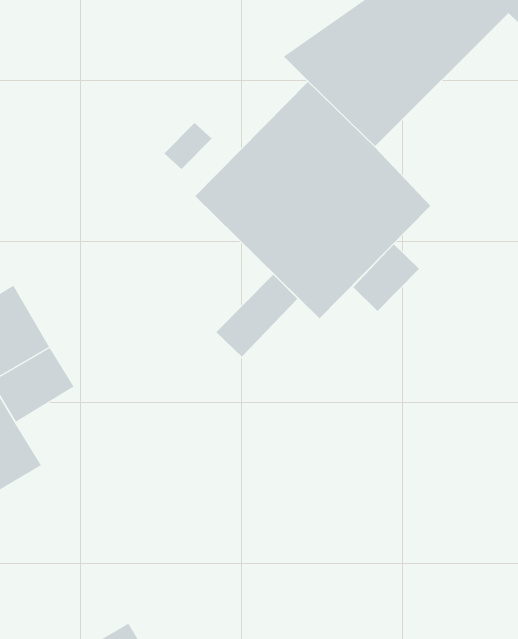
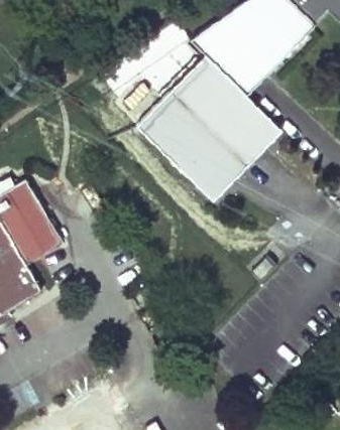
building: [353,244,420,312] -> none
building: [216,274,298,358] -> none

